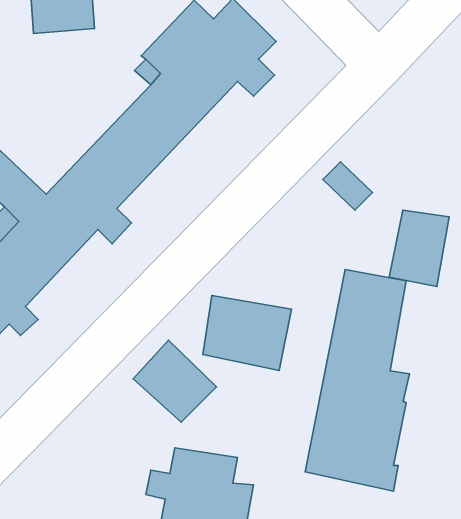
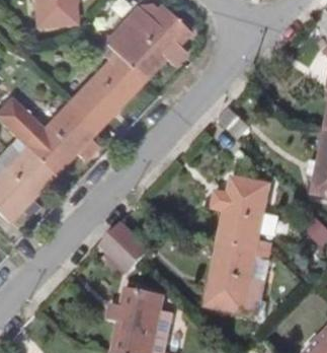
building: [389,210,449,286] -> none
building: [203,296,291,370] -> none

